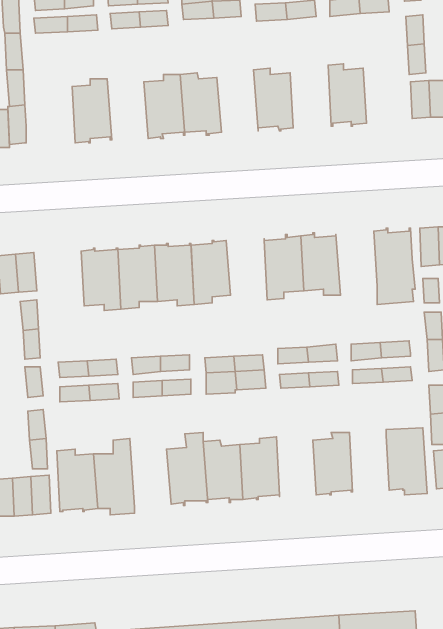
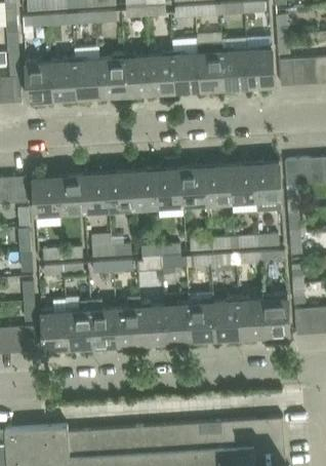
building: none -> [197,41,226,92]
building: none -> [247,45,275,88]
building: none -> [149,52,176,95]
building: none -> [75,57,103,100]
building: none -> [25,61,53,103]
building: none -> [229,160,256,204]
building: none -> [155,166,182,208]
building: none -> [32,173,59,217]
building: none -> [188,292,215,341]
building: none -> [238,296,264,337]
building: none -> [90,300,118,351]

